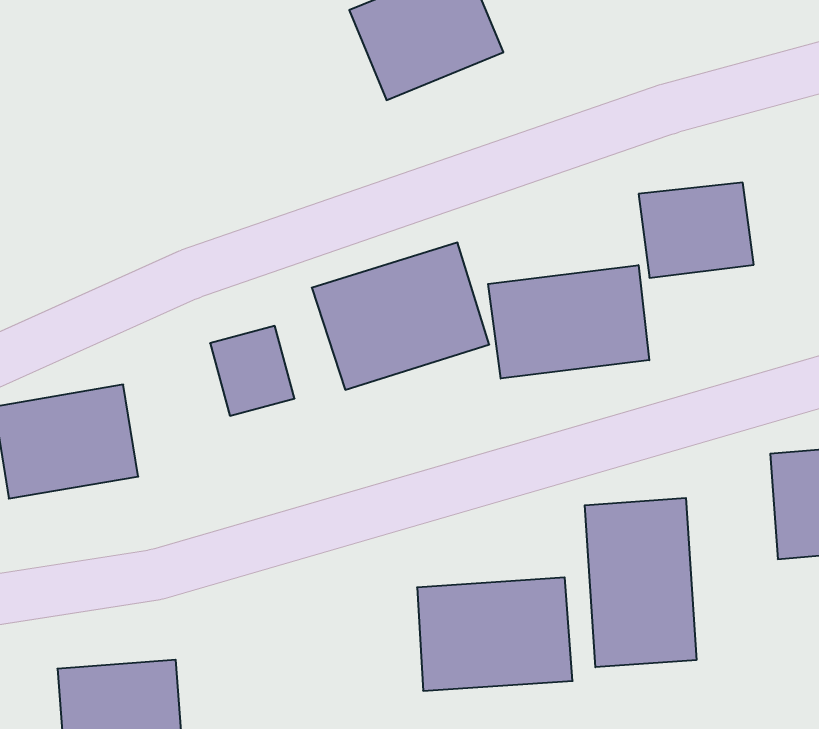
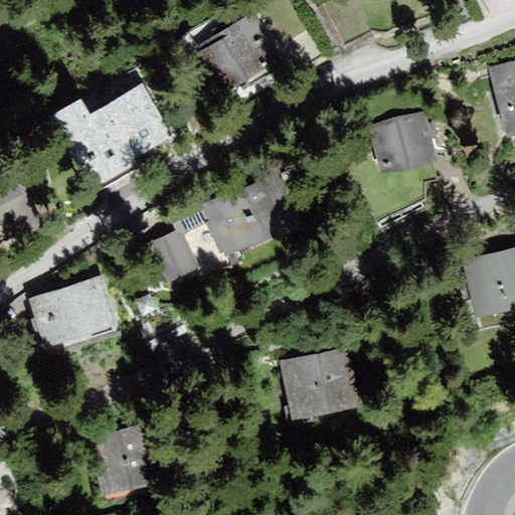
building: none -> [48,81,178,190]
building: [488,265,649,379] -> none
building: [585,498,696,667] -> none

